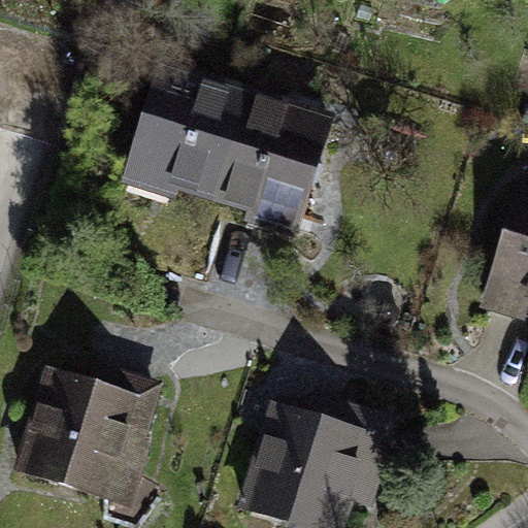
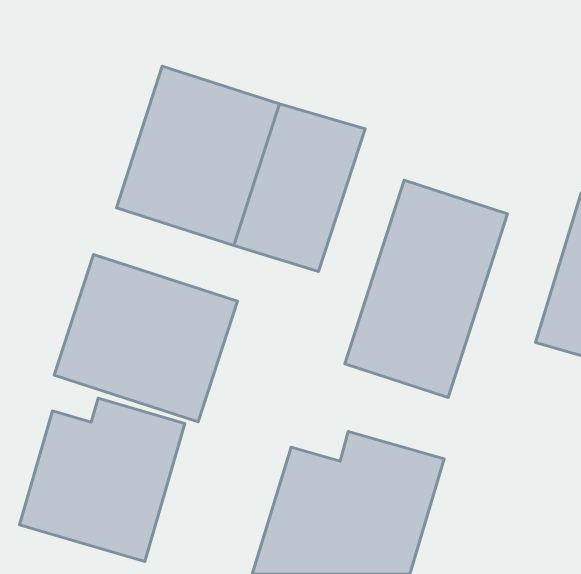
building: none -> [345,180,507,397]
building: none -> [54,255,237,422]

